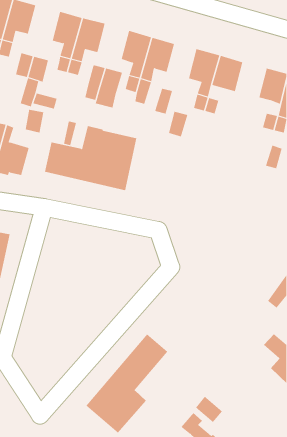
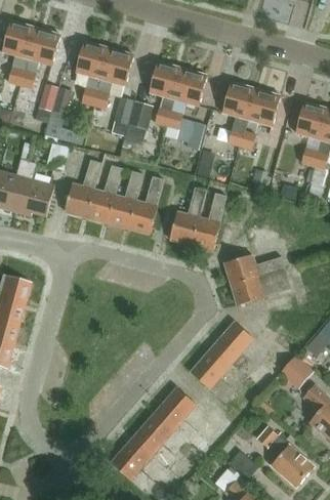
building: none -> [171,185,232,250]
building: none -> [226,252,293,304]
building: none -> [192,320,257,389]
building: none -> [279,356,312,388]
building: none -> [255,426,313,488]

